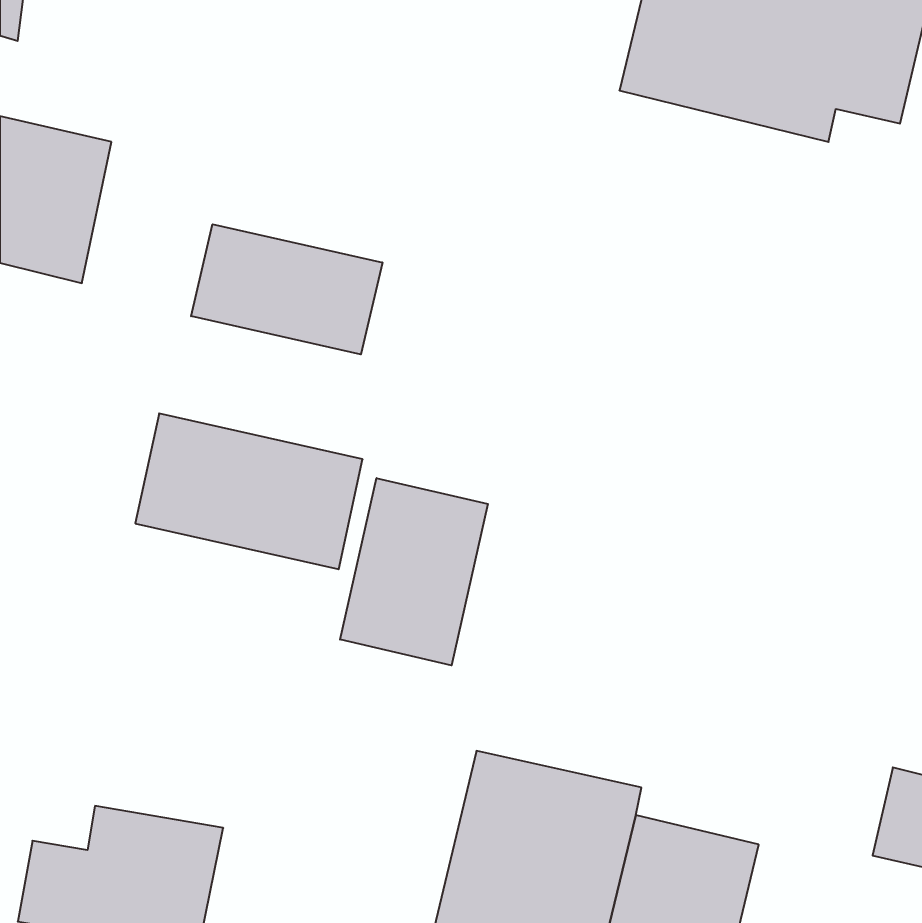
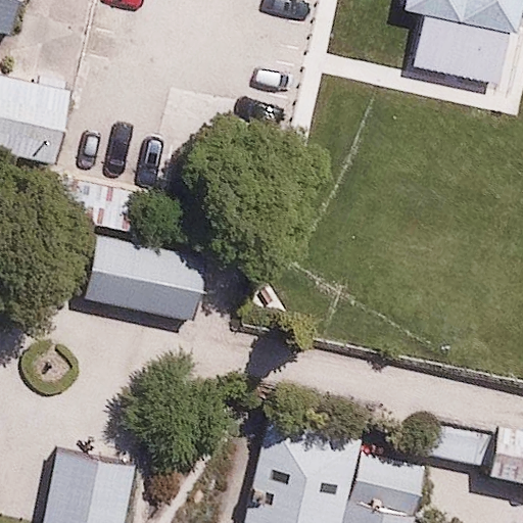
building: [191,224,382,354] -> none
building: [340,478,488,665] -> none

